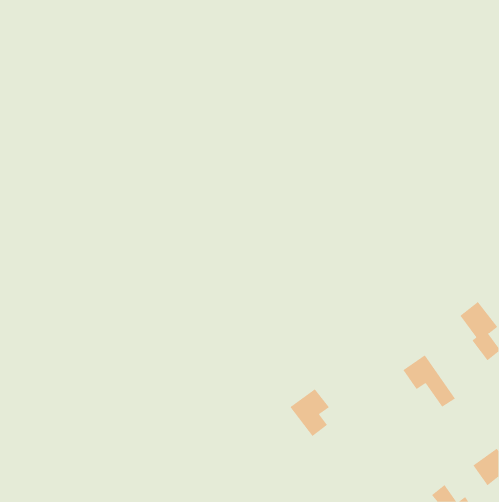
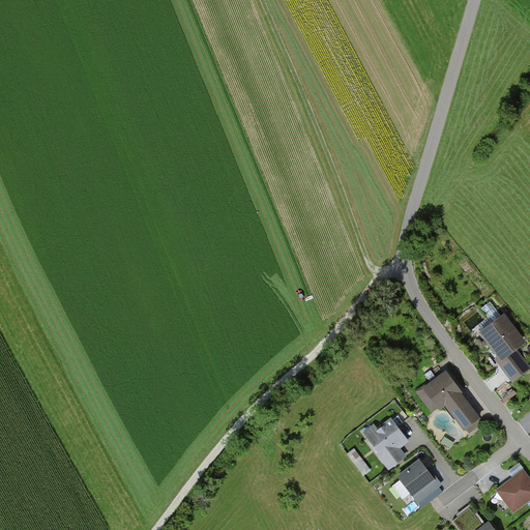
building: [289,389,330,437] -> [364,420,407,471]
building: none -> [393,458,436,501]

